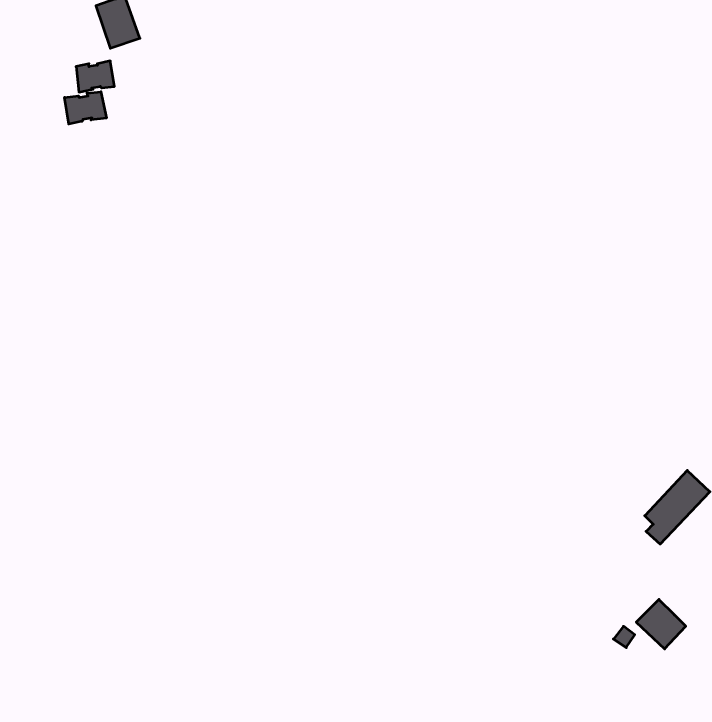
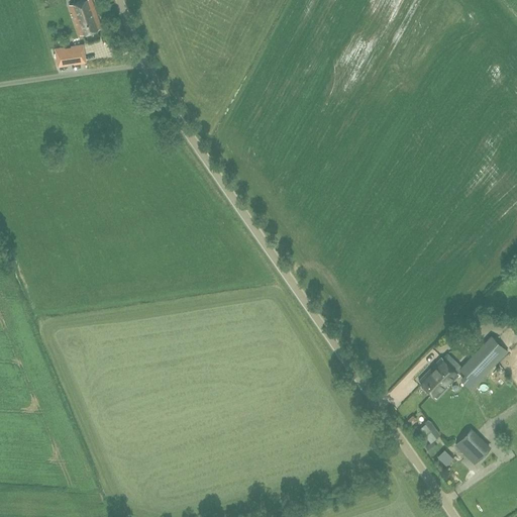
building: [65,92,106,124] -> none
building: none -> [418,356,459,398]

